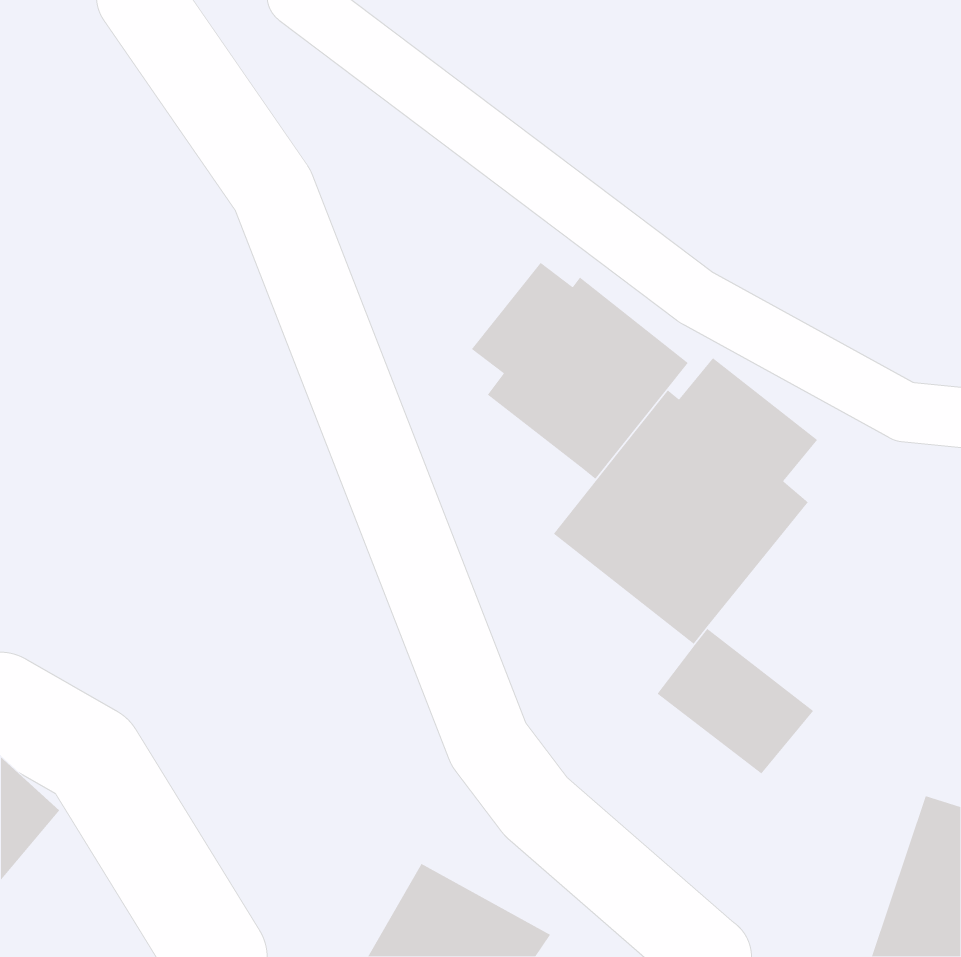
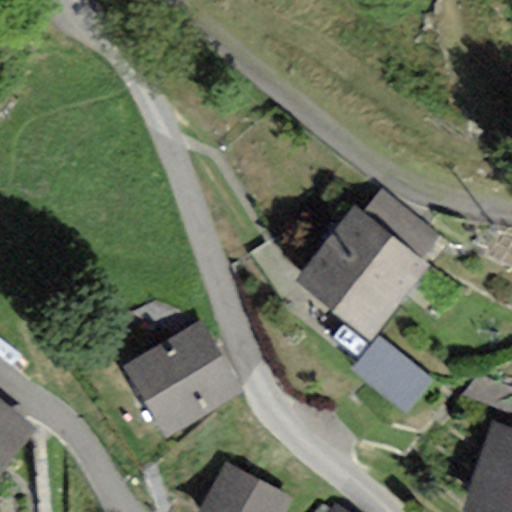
building: [471,262,689,480] -> none
building: none -> [123,320,246,440]

